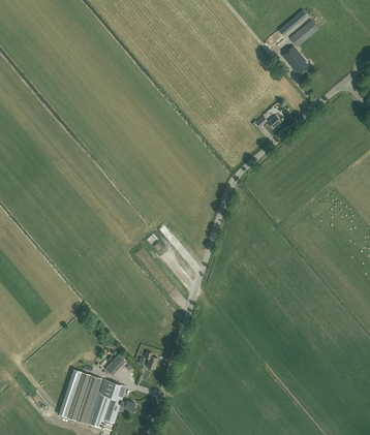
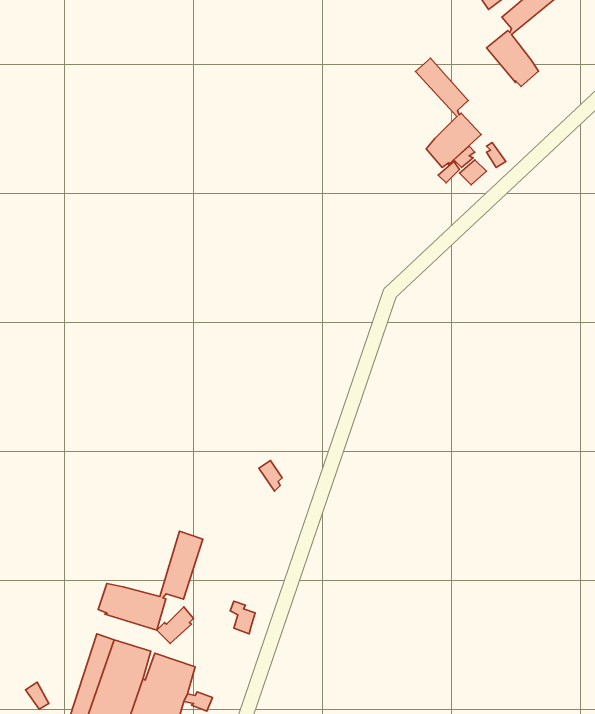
building: none -> [415,58,481,168]
building: none -> [98,531,203,630]

